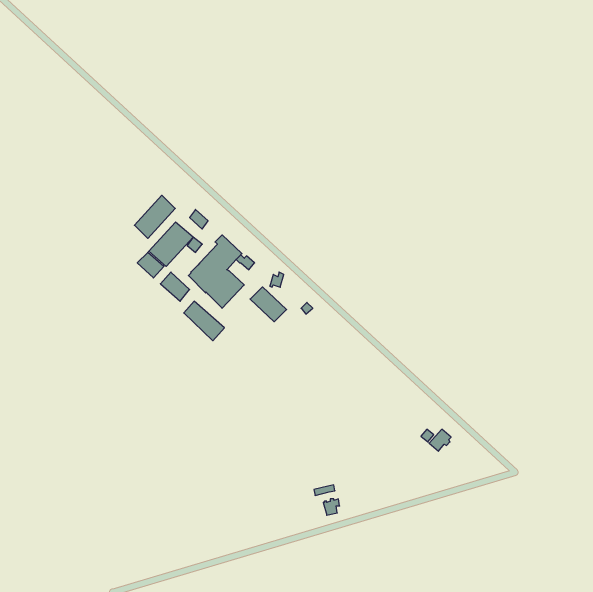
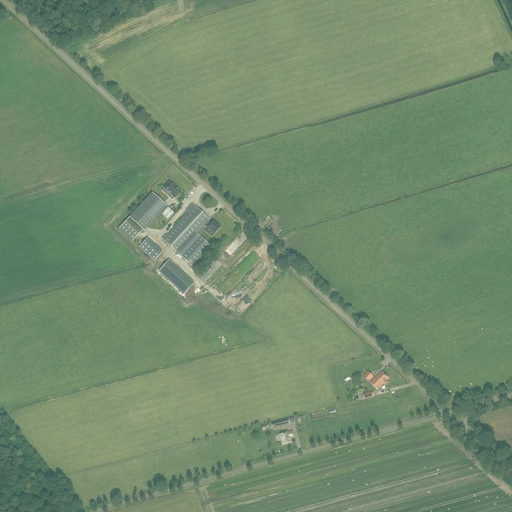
building: [134,195,175,238] -> none
building: [250,287,287,322] -> none

